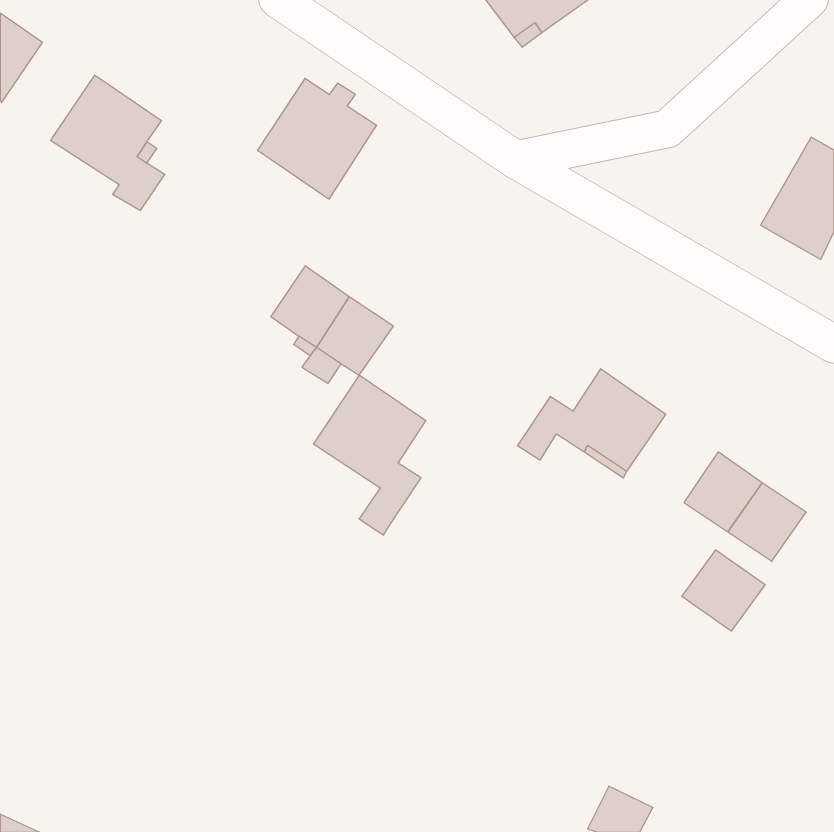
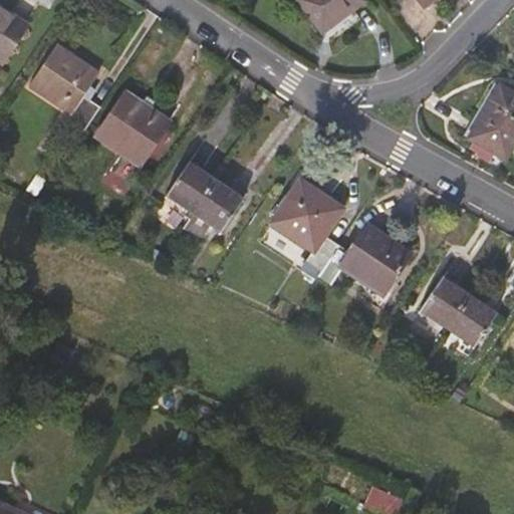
building: [257,78,377,199] -> [95,92,169,167]
building: [313,375,426,535] -> [272,181,341,279]
building: [682,550,765,631] -> none

